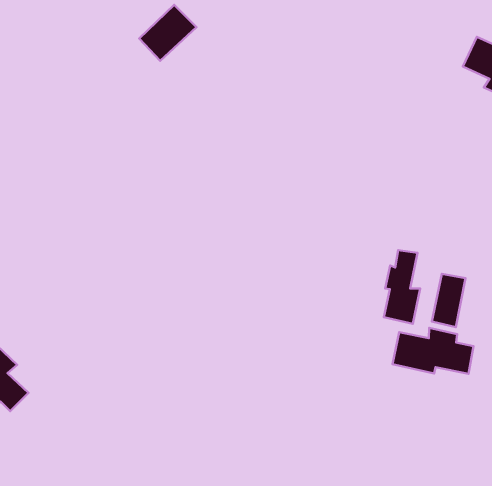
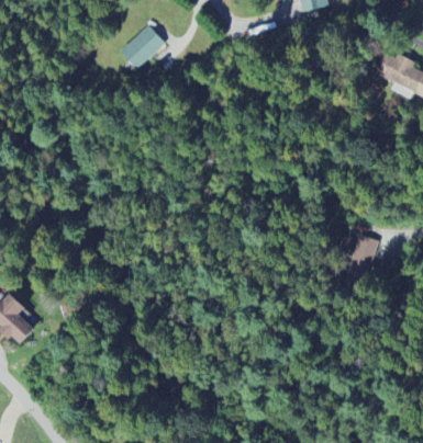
building: [384,250,420,324] -> none
building: [393,328,473,374] -> none

